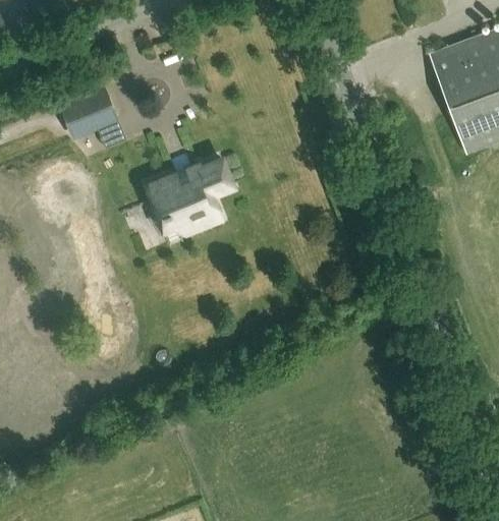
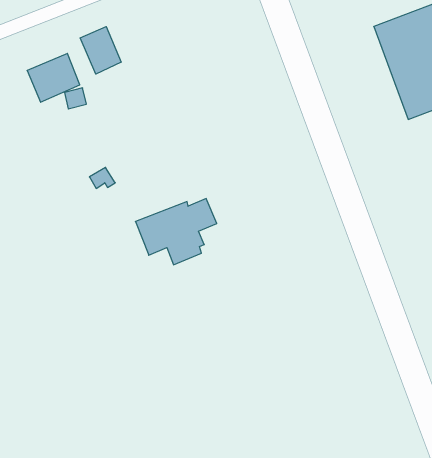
building: none -> [80,27,121,74]
building: [146,160,232,230] -> [135,199,217,265]

